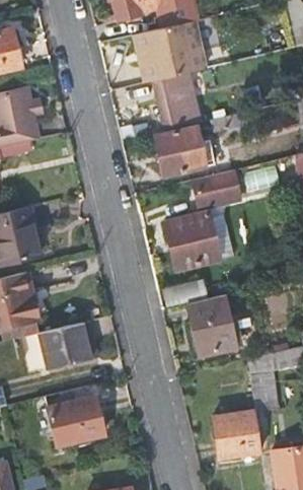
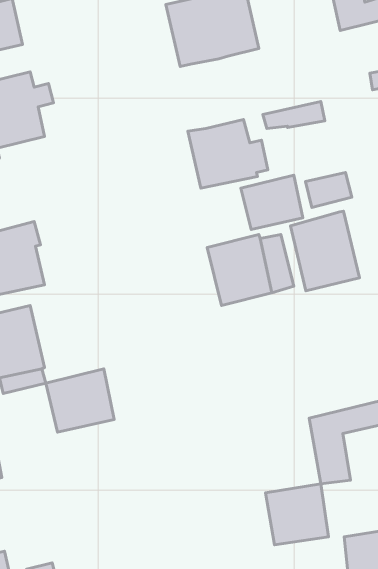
building: [153,74,199,131] -> none
building: none -> [291,211,360,291]
building: [185,295,235,358] -> none
building: [49,384,104,443] -> none

